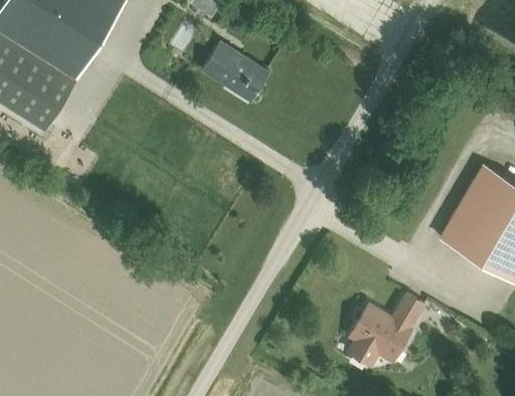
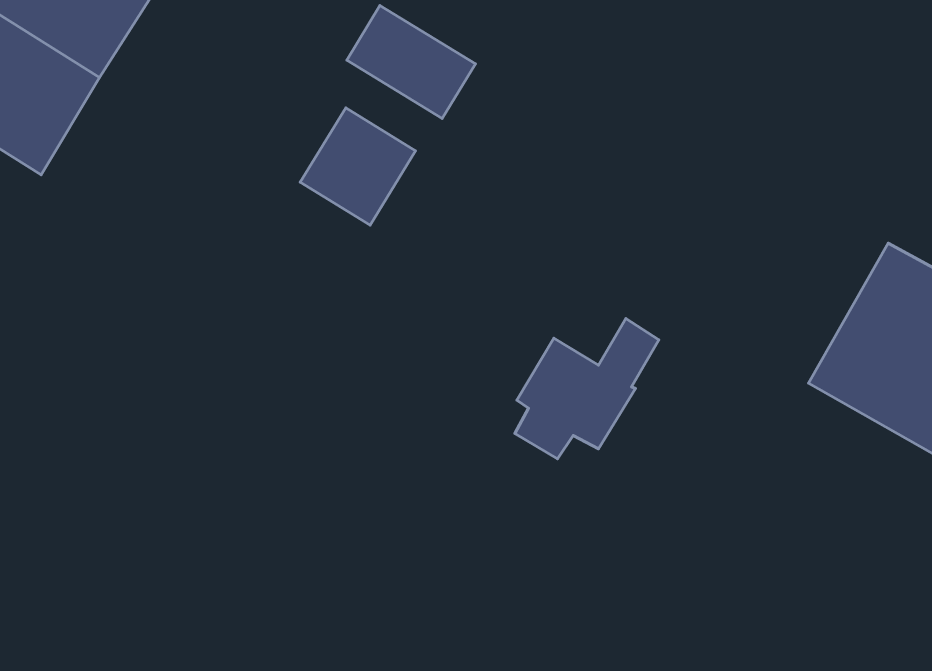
building: none -> [300,108,416,225]
building: [349,294,423,367] -> [515,319,659,459]

